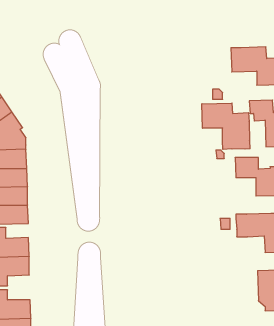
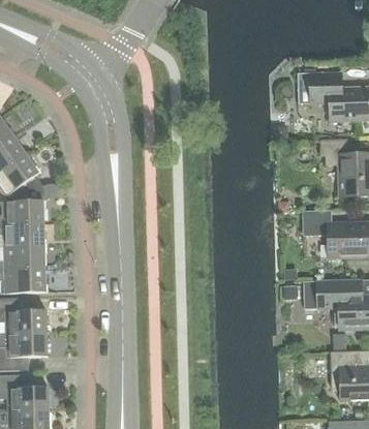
building: [202,103,250,149] -> none

